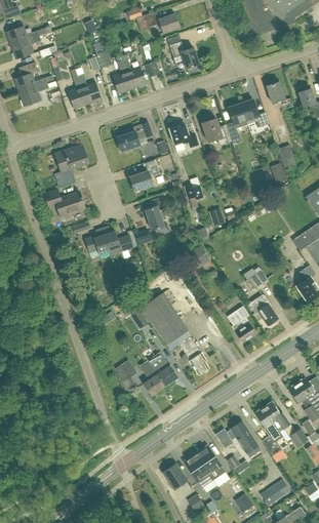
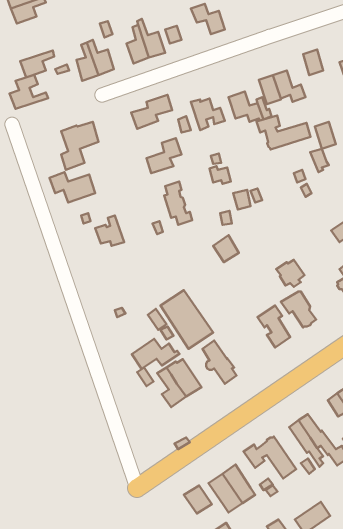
building: [13,62,47,91] -> [10,75,48,109]
building: none -> [257,116,310,150]
building: [102,225,133,254] -> none
building: none -> [132,339,179,369]

